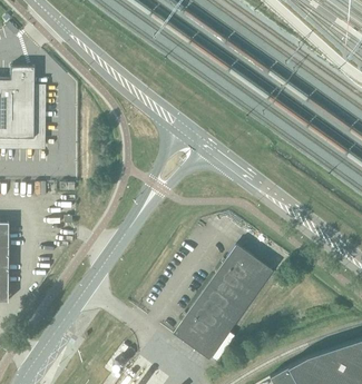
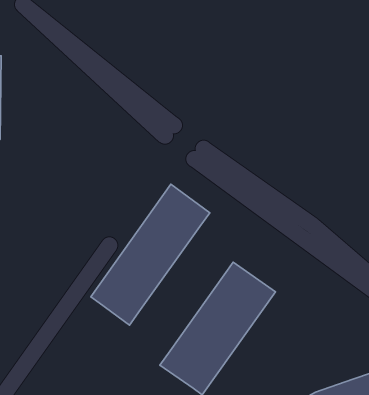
building: none -> [91,184,210,325]

